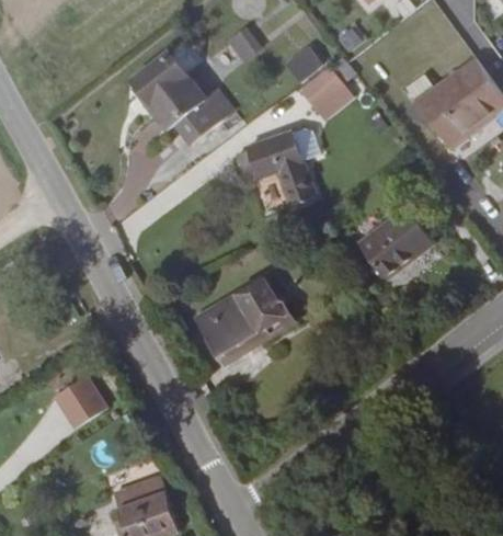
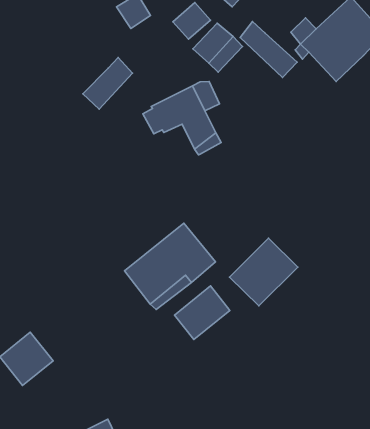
building: [134,54,207,130] -> none
building: none -> [240,22,297,78]
building: [361,208,435,280] -> [229,238,298,306]
building: none -> [174,286,230,339]

